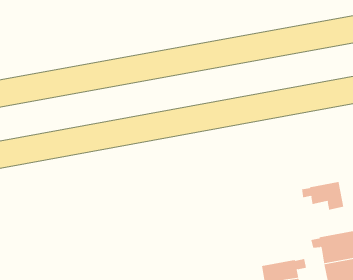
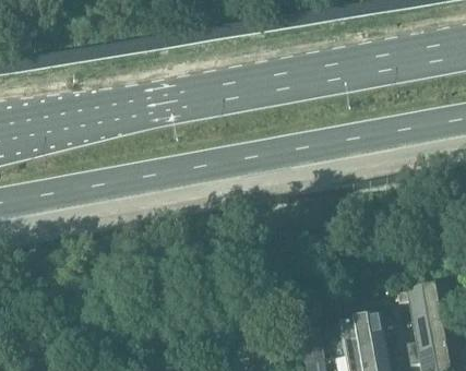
building: [301,181,344,211] -> none

